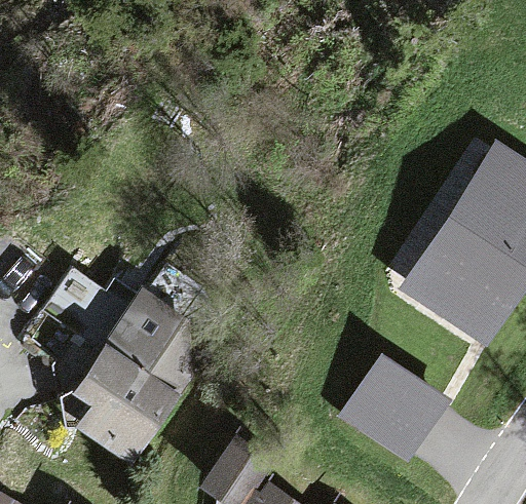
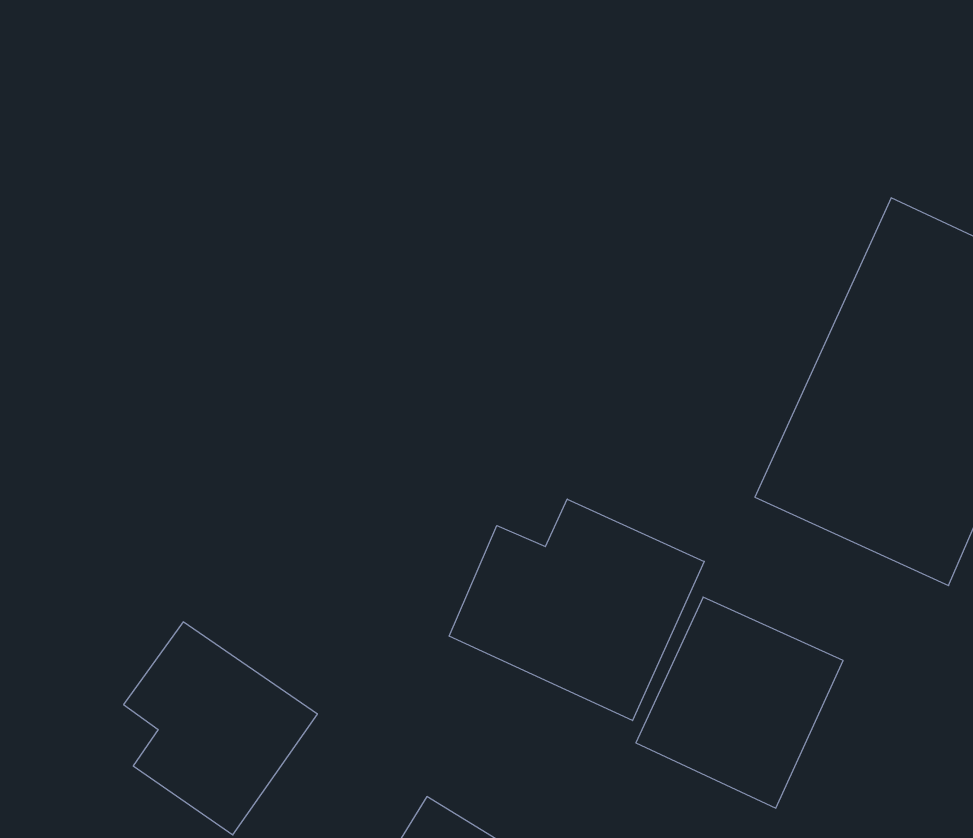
building: none -> [449,499,704,721]
building: [107,304,202,394] -> none

